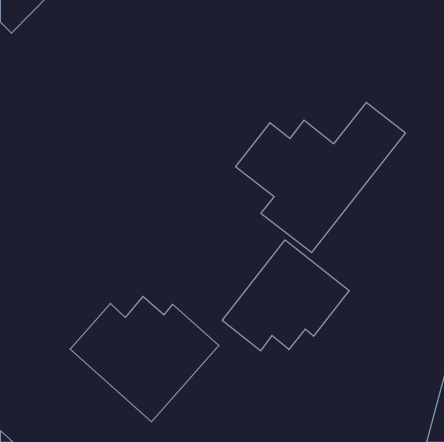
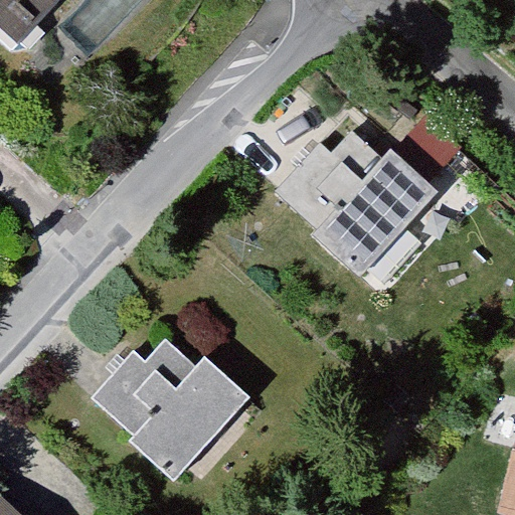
building: [222,240,349,351] -> none

